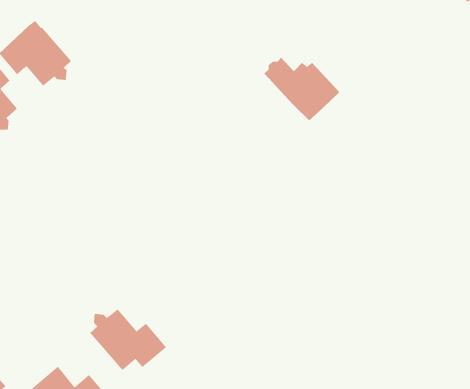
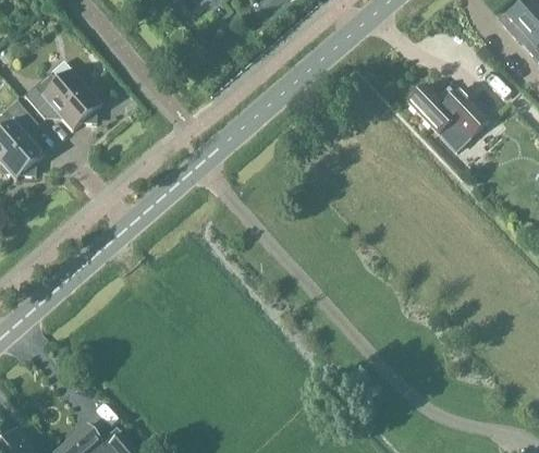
building: [264,57,340,121] -> [408,83,489,150]
building: [89,309,167,371] -> none

